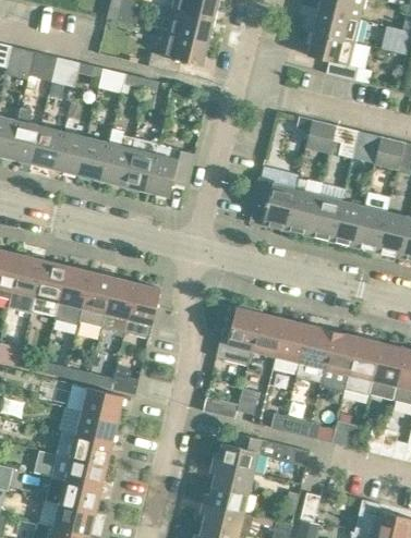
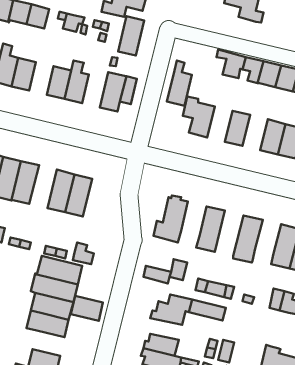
building: [55,132,86,174] -> none
building: [123,139,157,191] -> [118,16,144,56]
building: [286,176,318,235] -> [167,60,192,106]
building: [331,200,364,246] -> none
building: [55,266,90,323] -> none
building: [124,283,160,339] -> none
building: [252,313,285,356] -> none
building: [295,325,333,383] -> none
building: [344,337,382,395] -> none
building: [209,464,253,492] -> none
building: [59,480,100,513] -> [71,296,103,321]

